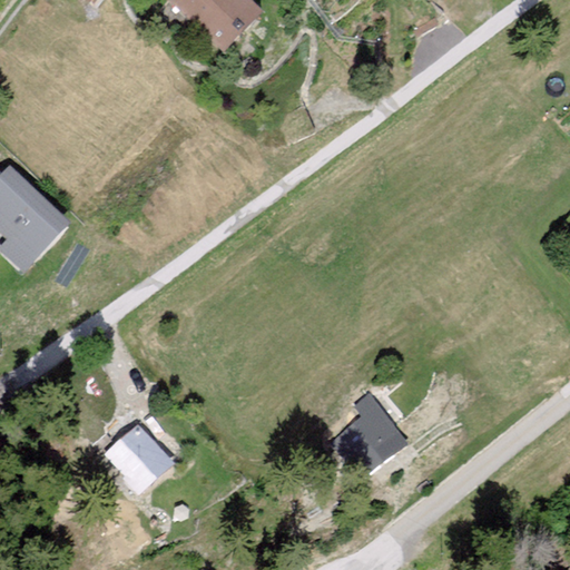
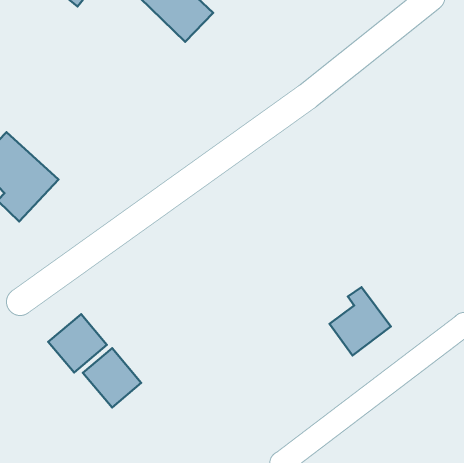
building: none -> [48,314,107,372]
building: [330,391,404,474] -> [330,287,391,356]

